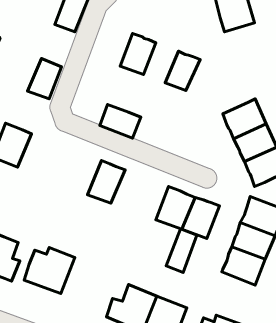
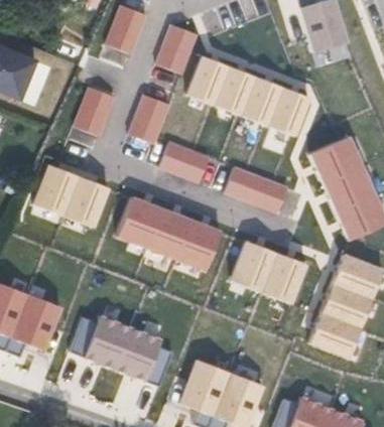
building: none -> [156,24,197,74]
building: none -> [214,67,256,116]
building: none -> [265,88,309,136]
building: none -> [129,96,169,144]
building: none -> [226,168,286,212]
building: none -> [61,177,111,230]
building: none -> [115,197,163,251]
building: none -> [174,221,222,273]
building: [166,229,197,273] -> none
building: none -> [114,326,173,387]

